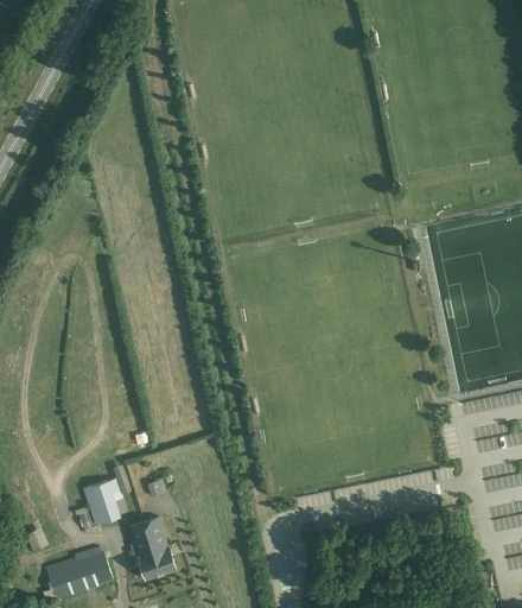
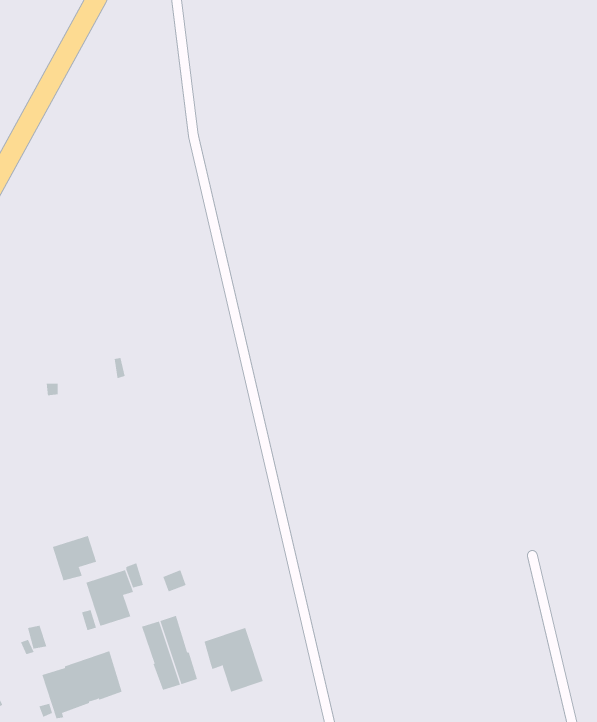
building: none -> [52,535,97,581]
building: none -> [204,627,263,692]

